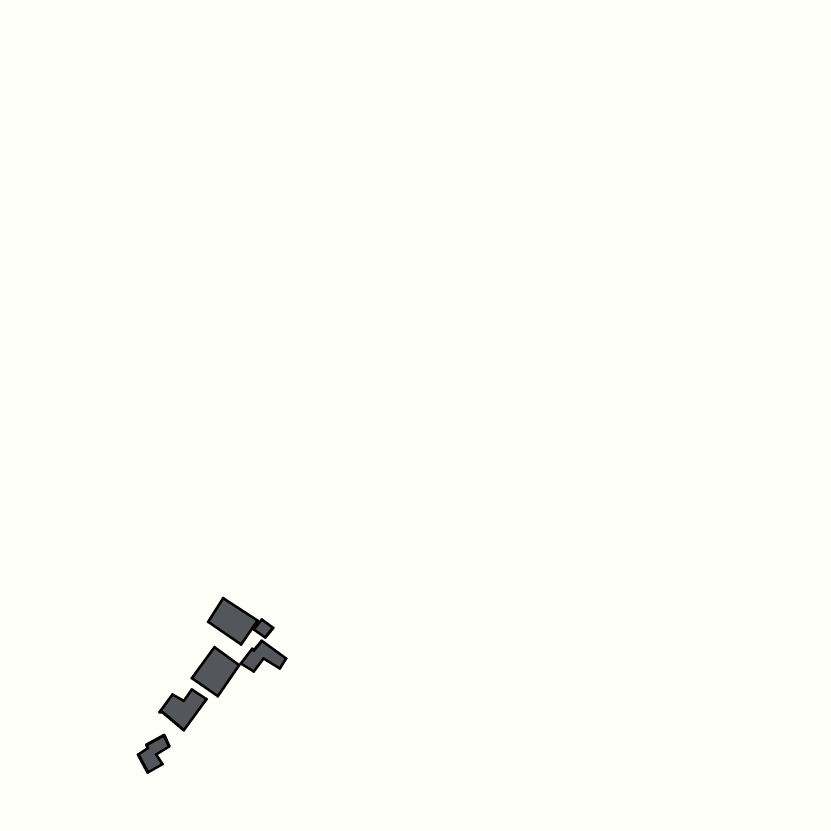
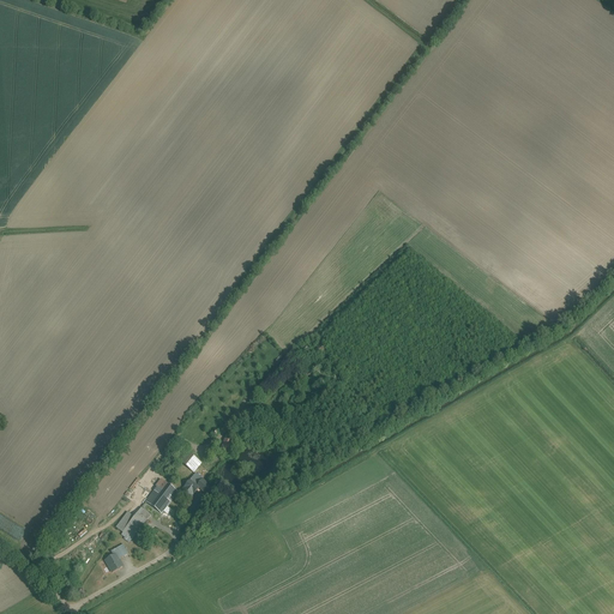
building: [208,598,258,645] -> none

